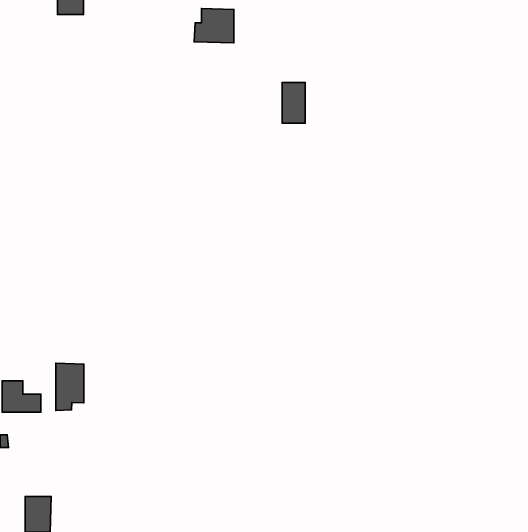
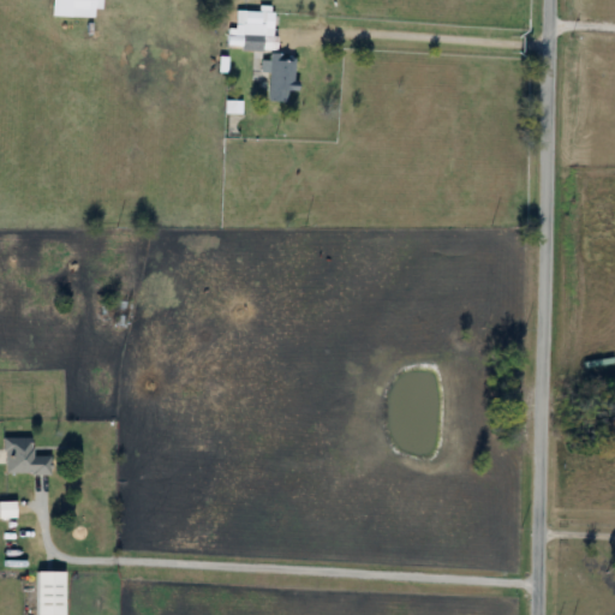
building: [282,83,305,123] -> [268,55,294,102]
building: [56,363,84,411] -> none

